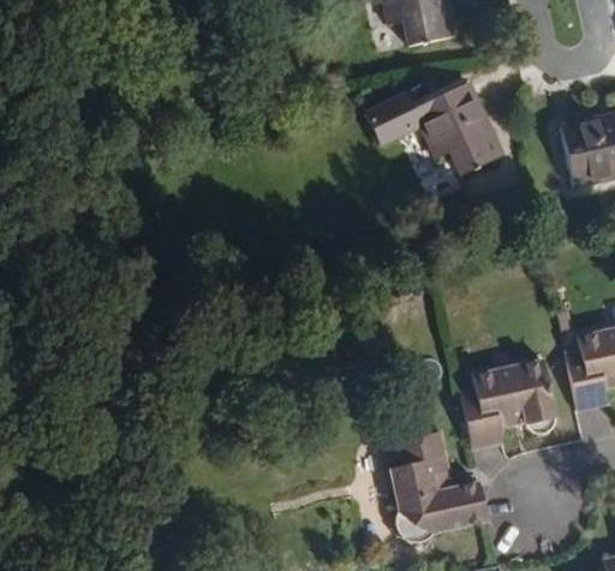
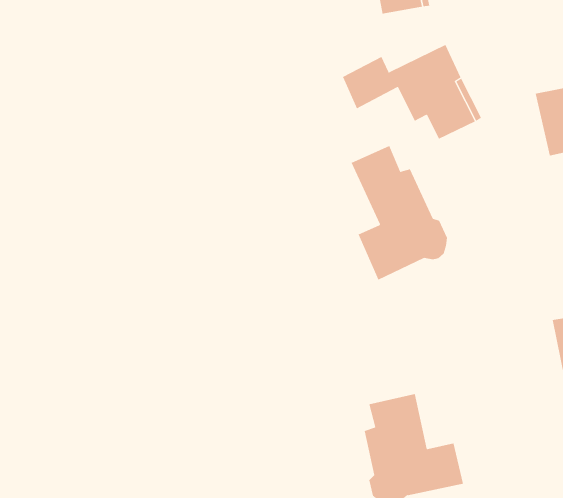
building: none -> [351,145,448,281]
building: [467,357,565,447] -> none

